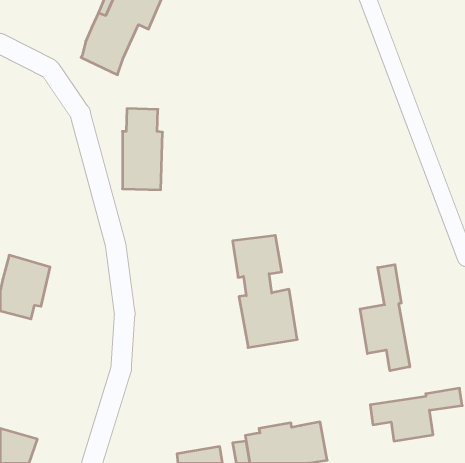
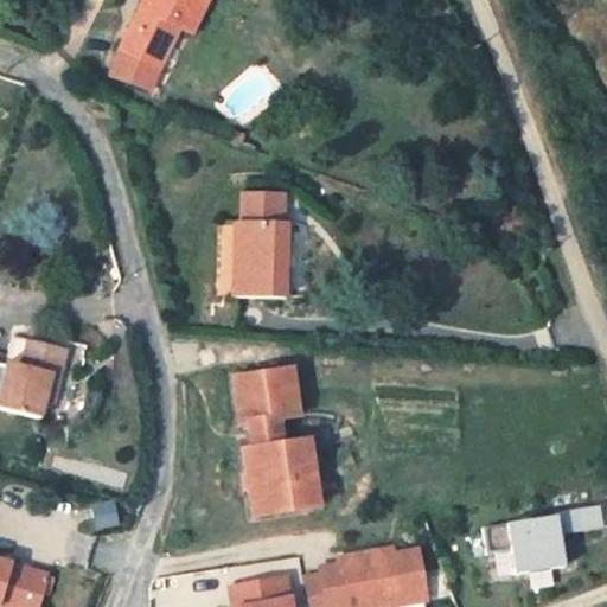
building: [122,109,163,190] -> [237,189,289,294]
building: [233,235,297,348] -> [235,368,319,513]
building: [360,265,410,371] -> none

